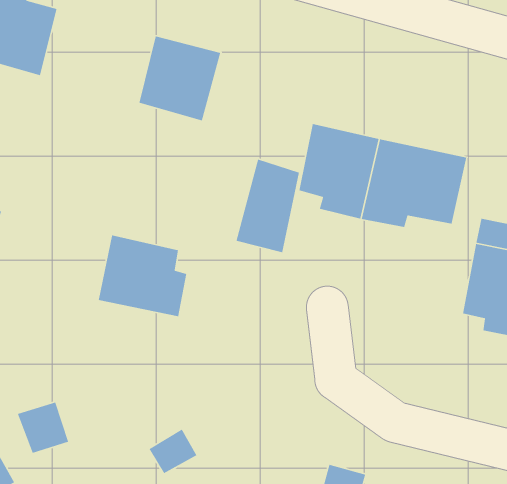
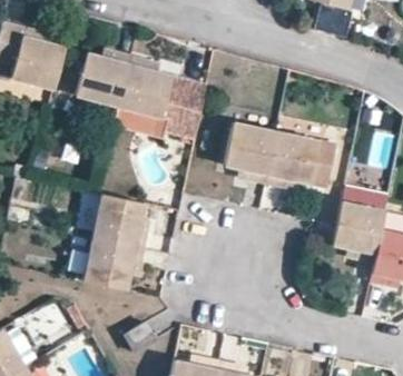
building: none -> [76,51,130,107]
building: [236,159,300,253] -> [165,75,207,137]
building: none -> [82,237,146,289]

